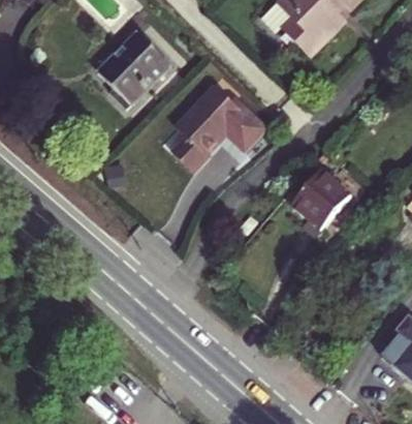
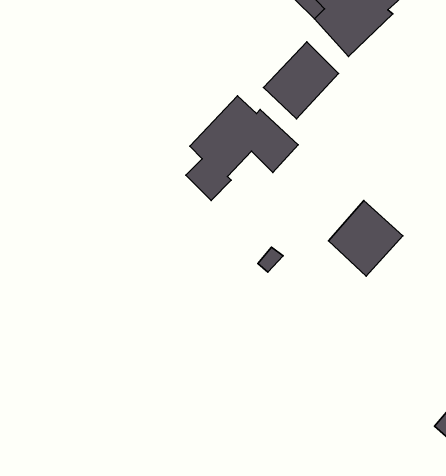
building: [98,36,167,111] -> none
building: none -> [263,42,339,119]

